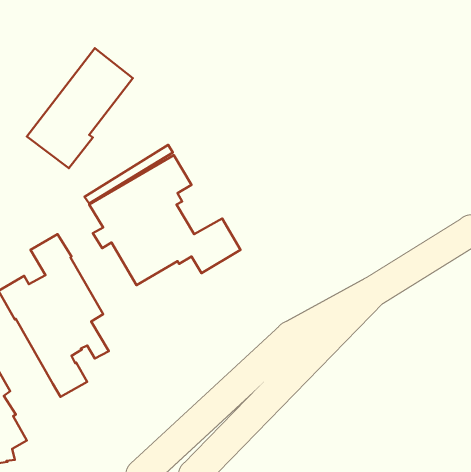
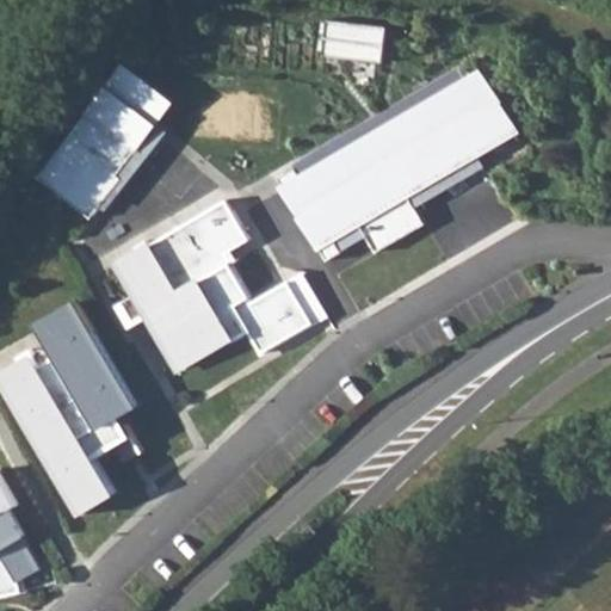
building: none -> [315,20,390,51]
building: none -> [276,72,516,263]

